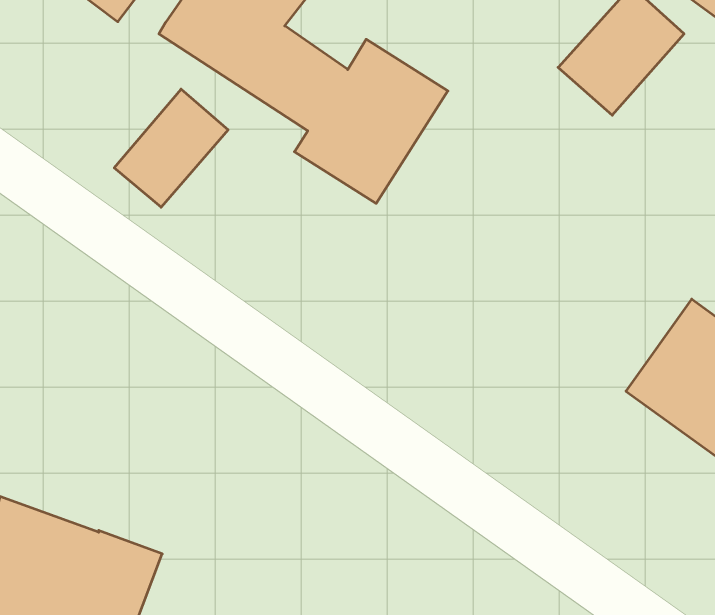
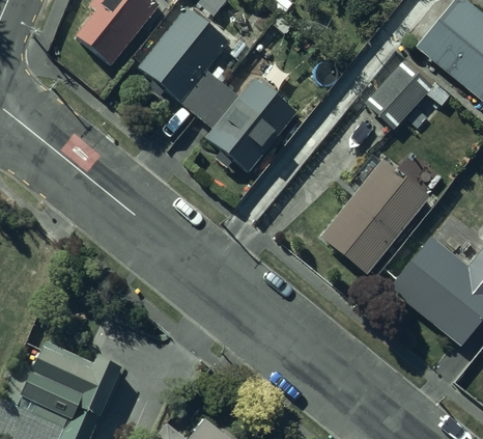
building: [114,89,228,207] -> none
building: none -> [322,161,430,275]

